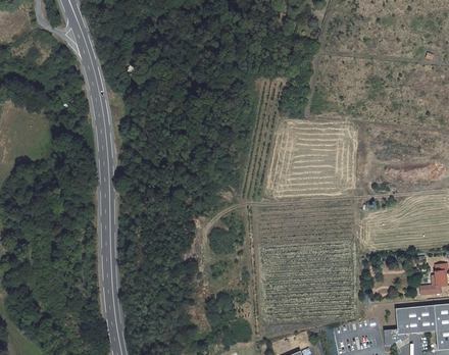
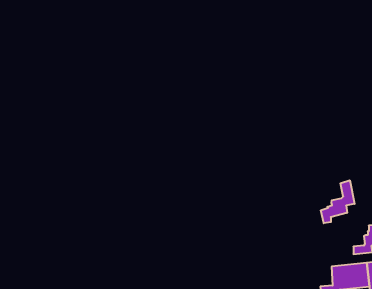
building: none -> [321,180,355,223]

